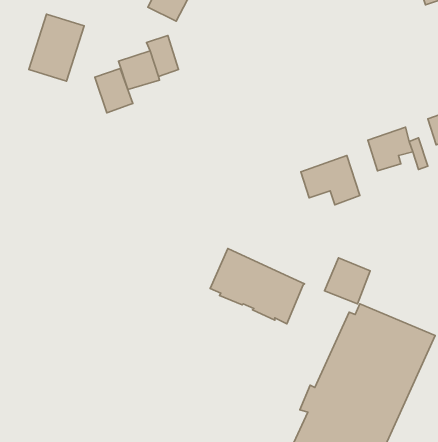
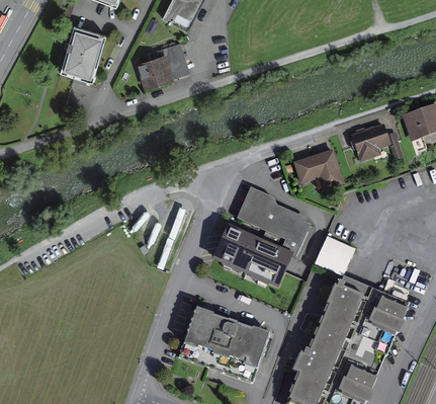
building: [95,69,133,113] -> none
building: none -> [240,189,314,259]
building: none -> [183,307,268,367]

